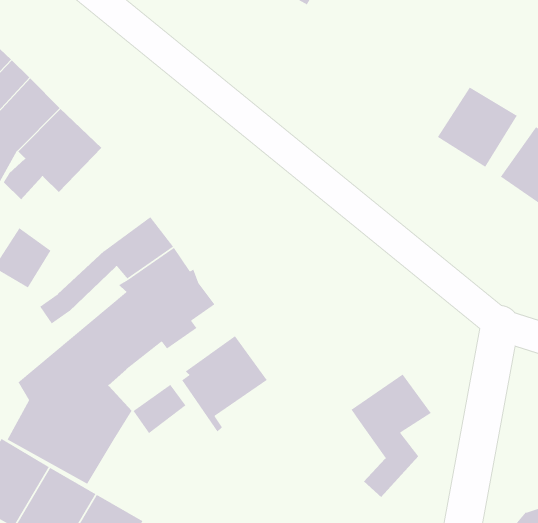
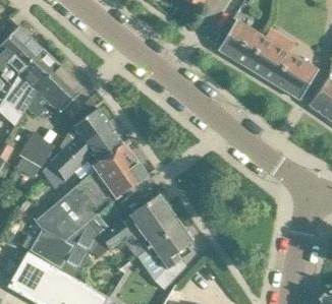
building: none -> [219,20,294,82]
building: none -> [44,109,111,178]
building: [351,373,432,498] -> [148,220,193,290]

